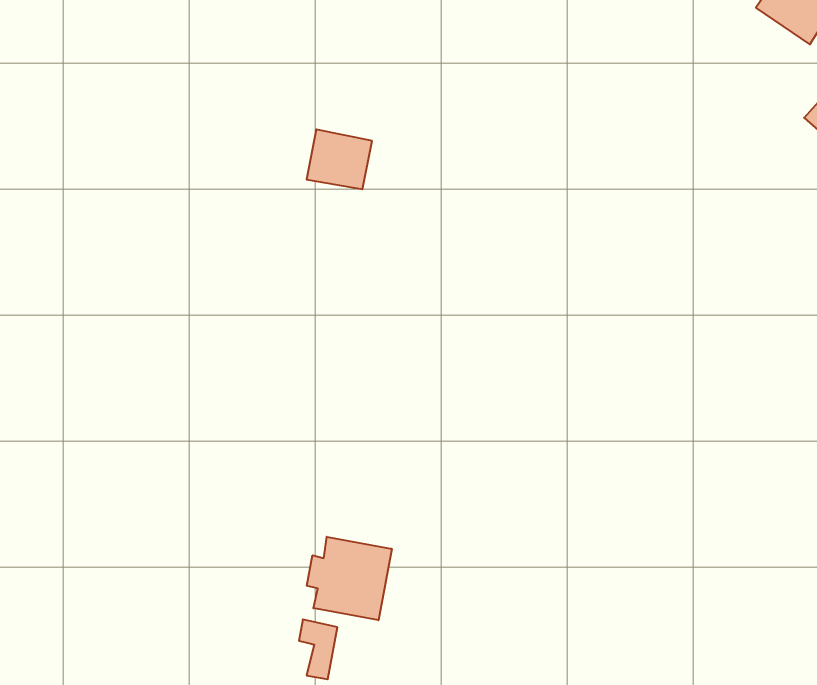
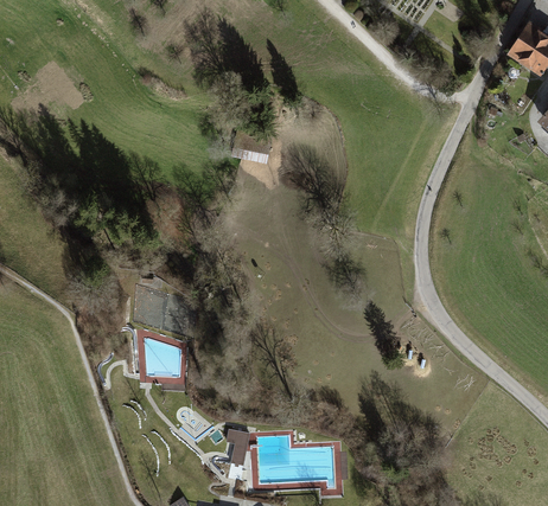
building: [307,537,392,620] -> none

